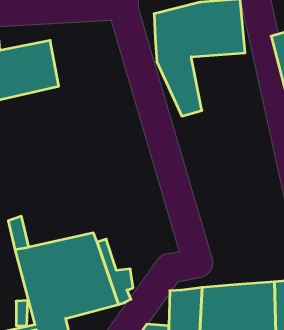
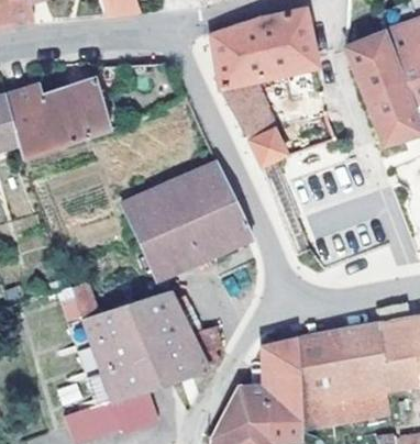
building: none -> [122,162,252,279]

